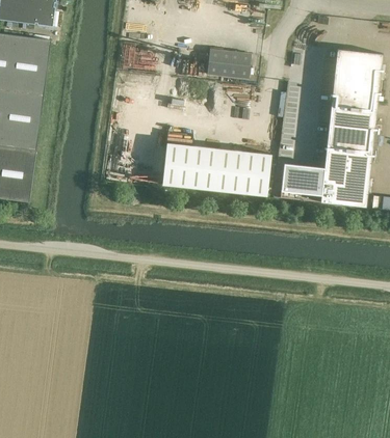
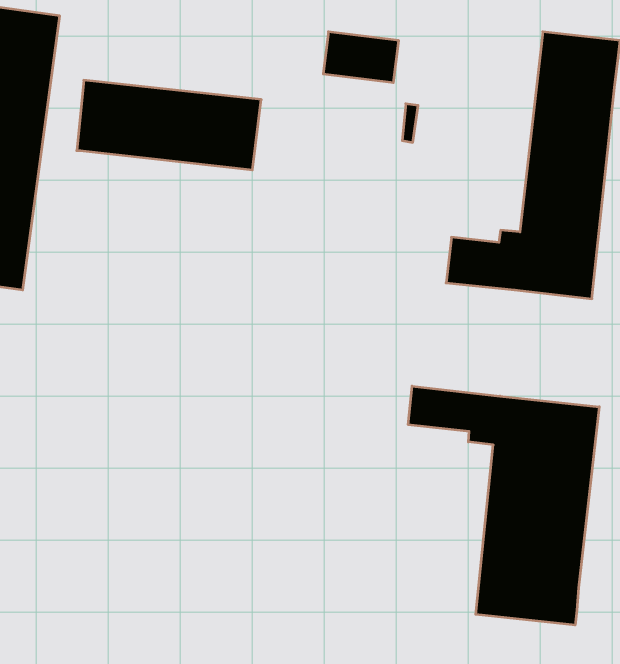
building: [161,142,270,195] -> [77,80,261,170]
building: none -> [408,386,599,625]

